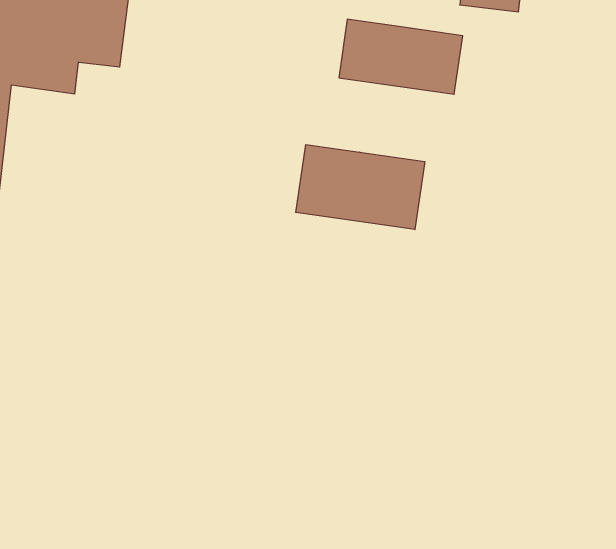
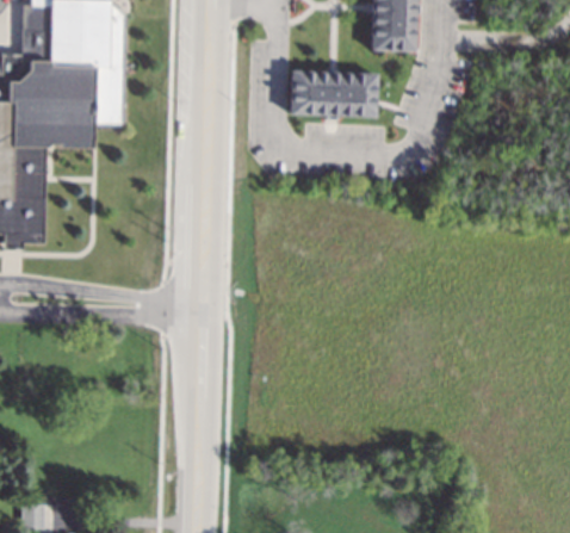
building: [296,145,425,230] -> none

